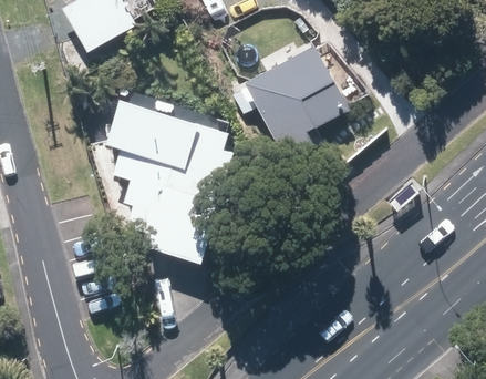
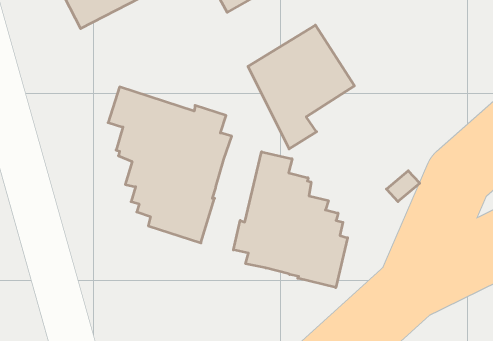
building: none -> [233,152,348,288]

